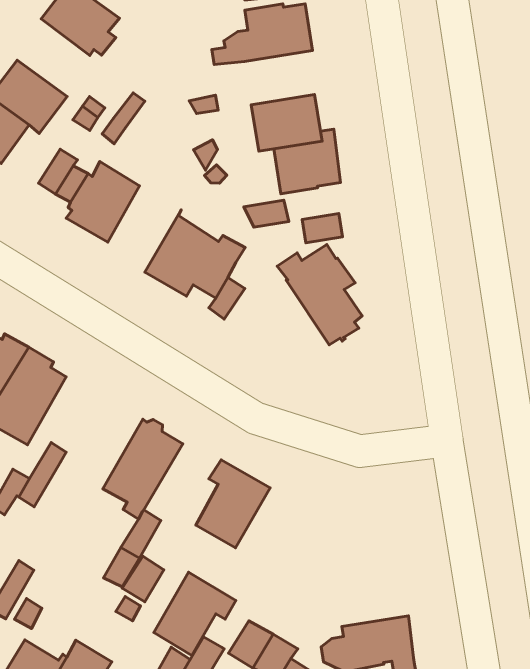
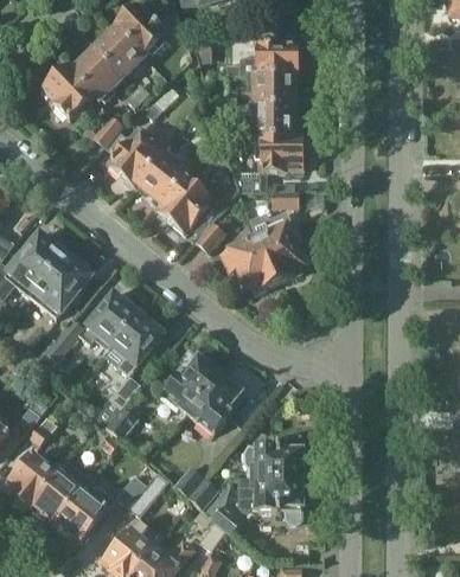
building: none -> [91,23,146,79]
building: none -> [249,75,298,105]
building: none -> [134,149,189,210]
building: none -> [222,231,276,293]
building: none -> [78,291,139,350]
building: none -> [244,431,301,477]
building: [154,572,236,655] -> [189,373,249,431]

